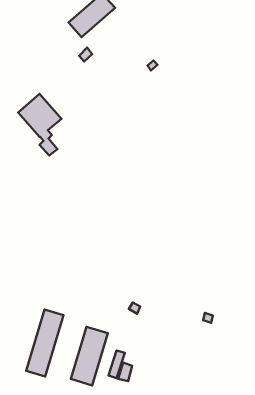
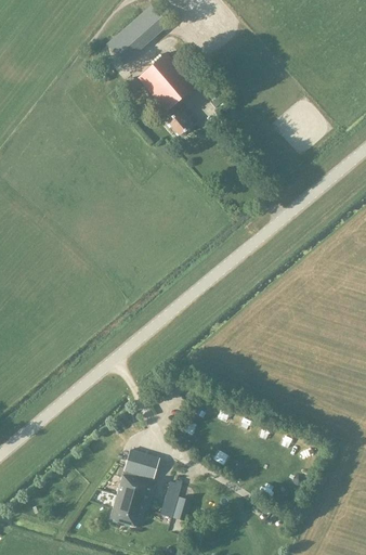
building: [18,94,62,156] -> [138,53,195,135]
building: [26,310,64,376] -> none

